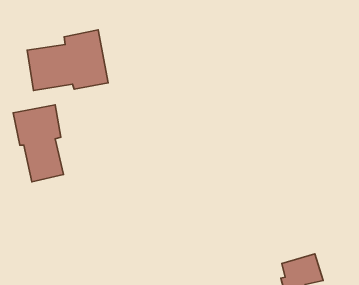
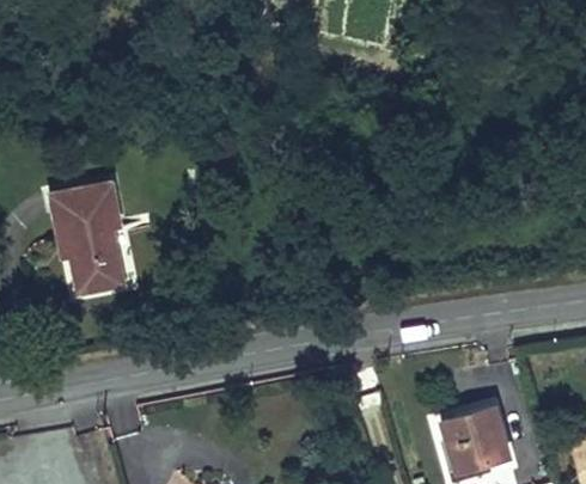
building: [27,30,108,90] -> none

